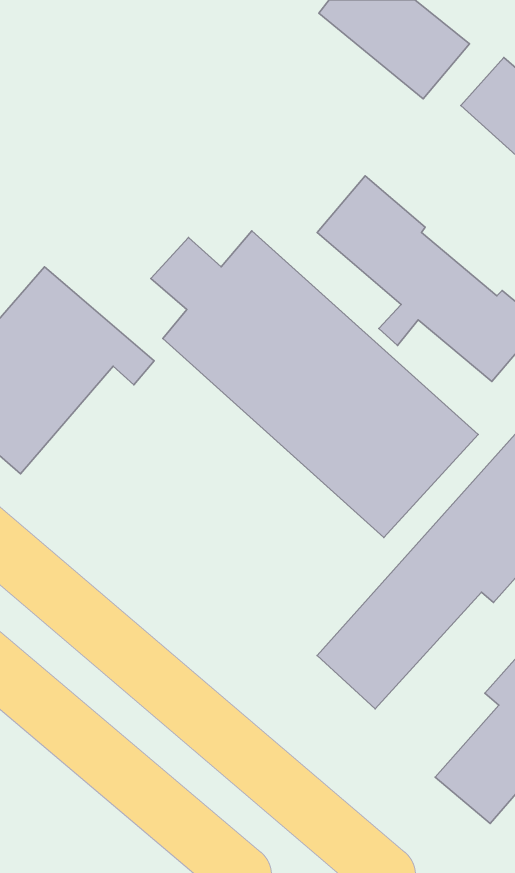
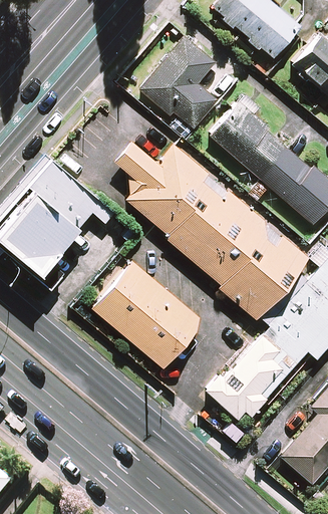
building: none -> [141,38,218,128]
building: none -> [88,256,202,366]

